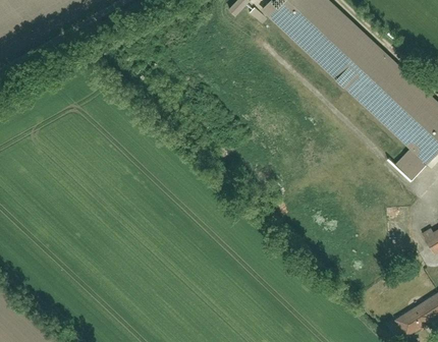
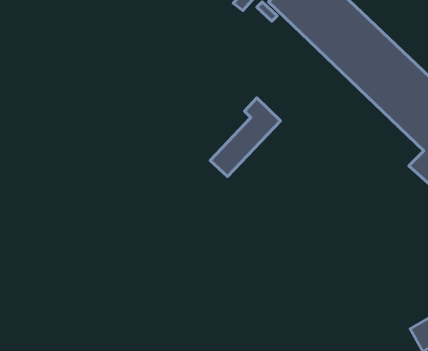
building: none -> [210,98,281,177]

